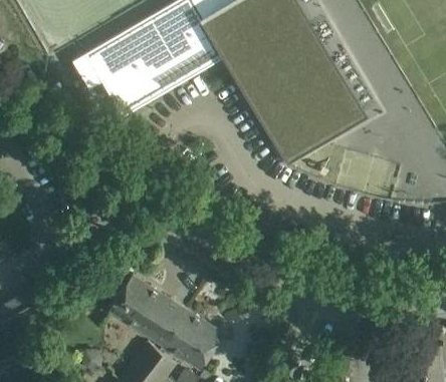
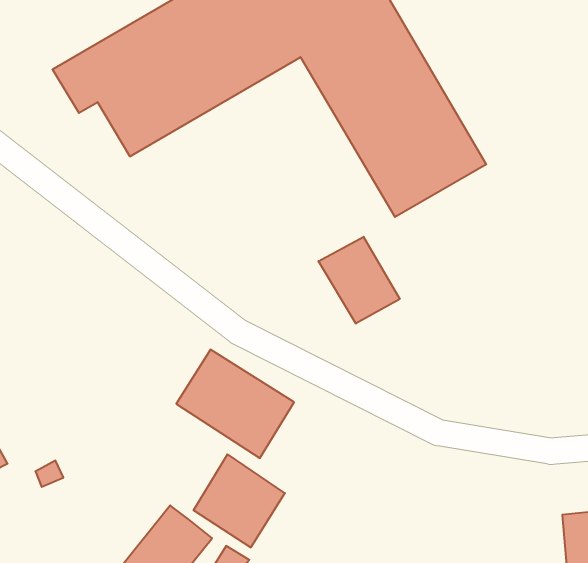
building: none -> [318,237,400,324]
building: [110,276,187,346] -> [176,350,294,458]

